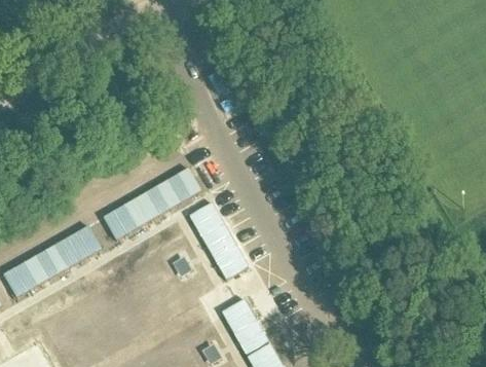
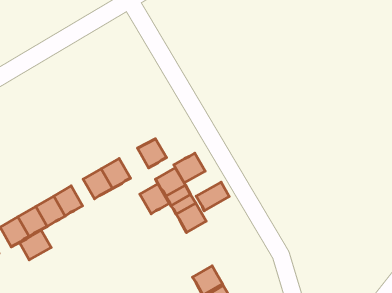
building: [146,179,181,215] -> [140,184,169,214]
building: none -> [174,153,205,183]
building: none -> [196,182,229,211]
building: none -> [19,230,51,260]
building: [222,298,257,333] -> none

